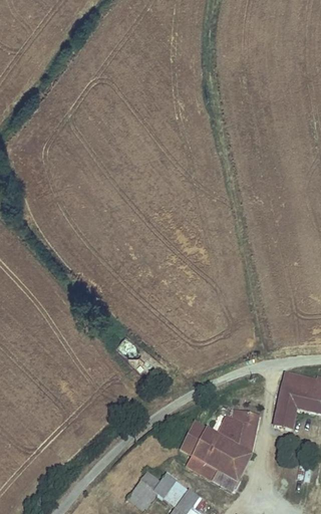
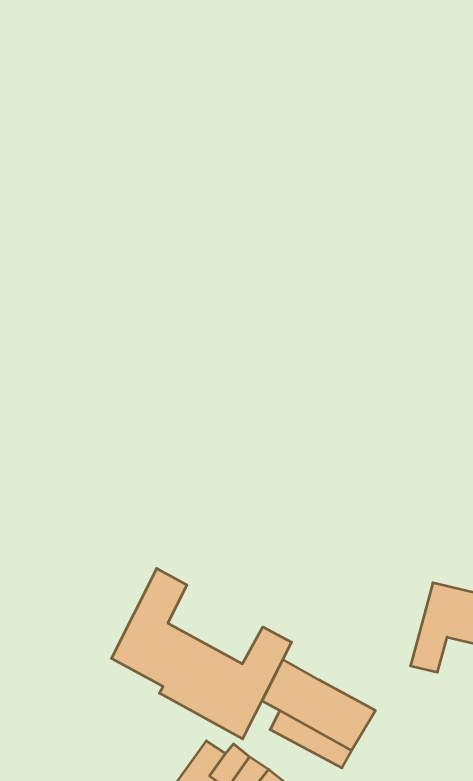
building: none -> [111,568,292,739]
building: [217,408,261,453] -> none

